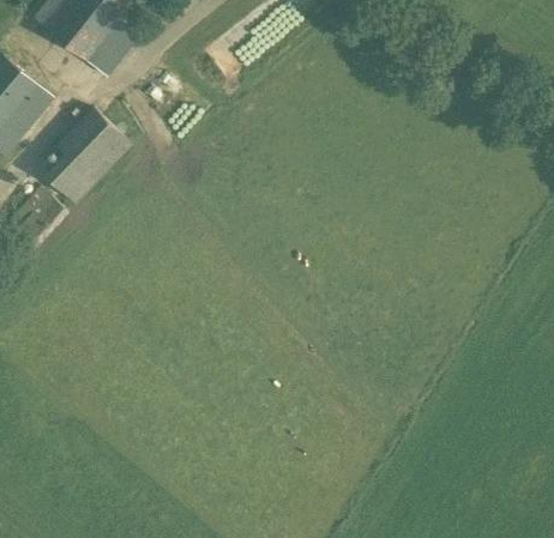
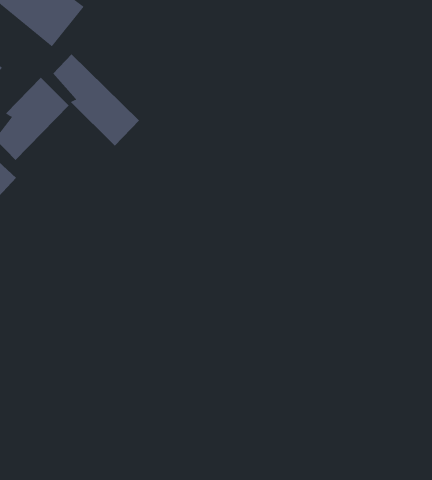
building: none -> [53,53,140,147]

